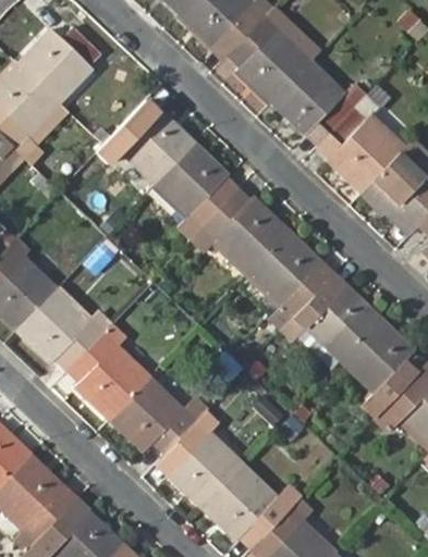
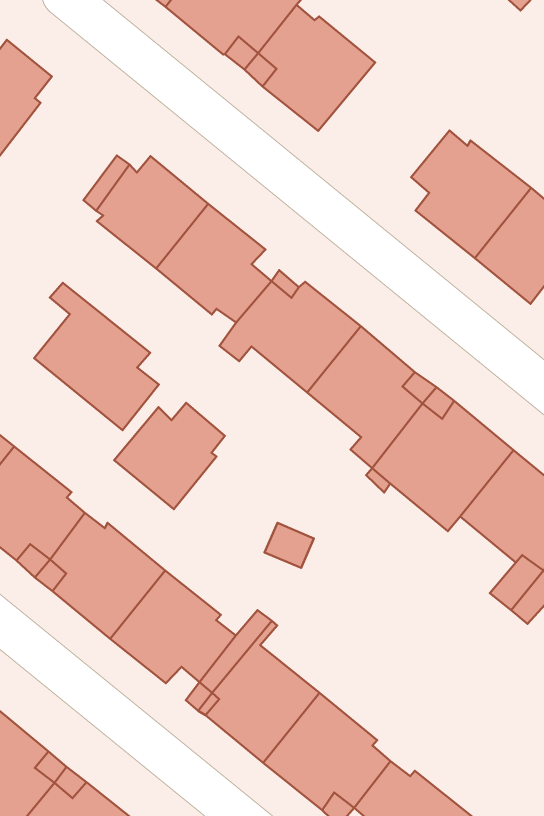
building: [271,60,356,136] -> none
building: none -> [34,283,159,430]
building: none -> [114,403,225,509]

